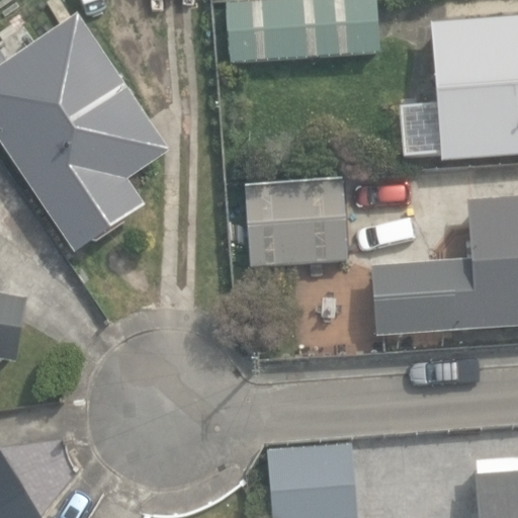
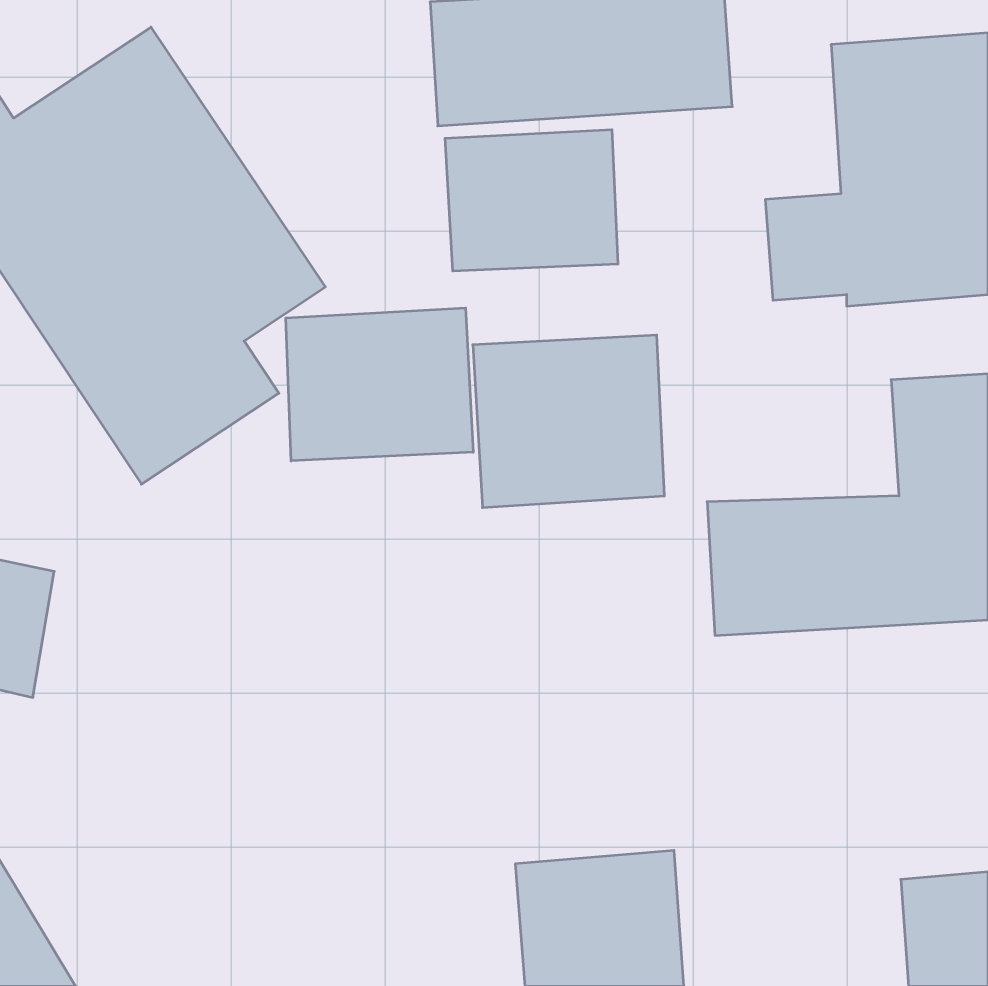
building: none -> [445,130,618,271]
building: none -> [286,308,473,461]

